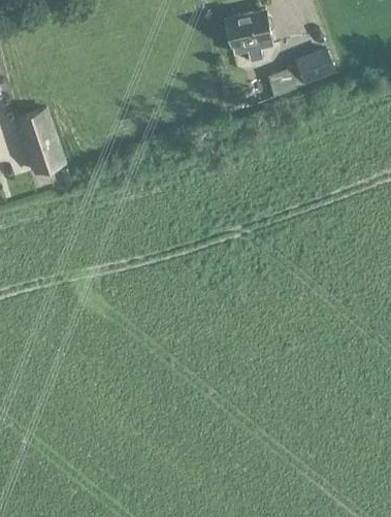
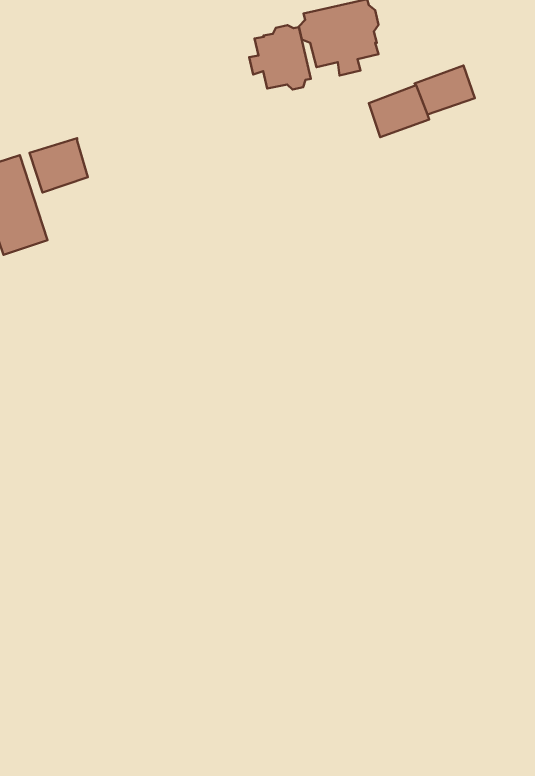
building: none -> [249,25,311,89]
building: none -> [29,138,88,192]

